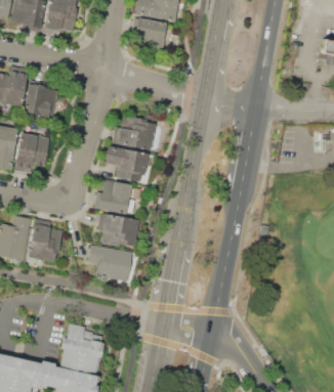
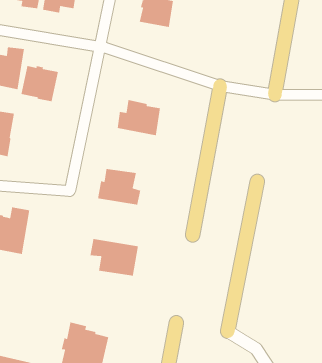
building: [14,133,49,173] -> none
building: [105,146,148,182] -> none
building: [96,213,138,248] -> none
building: [28,219,62,258] -> none

